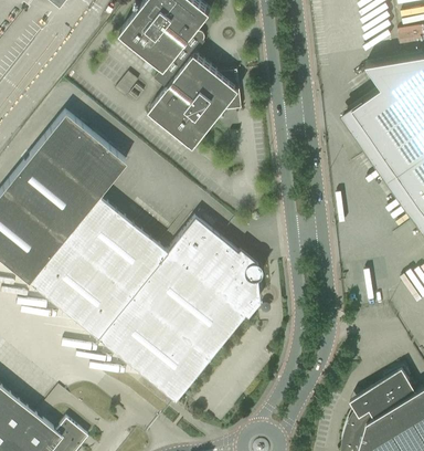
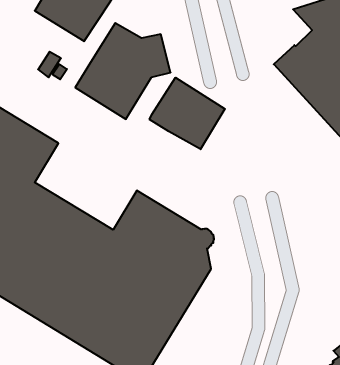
building: none -> [150,78,225,149]

